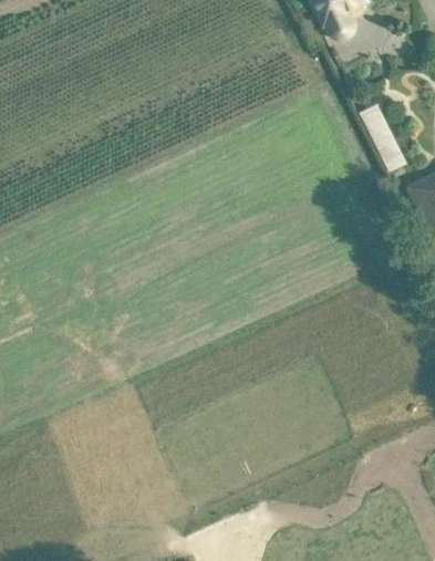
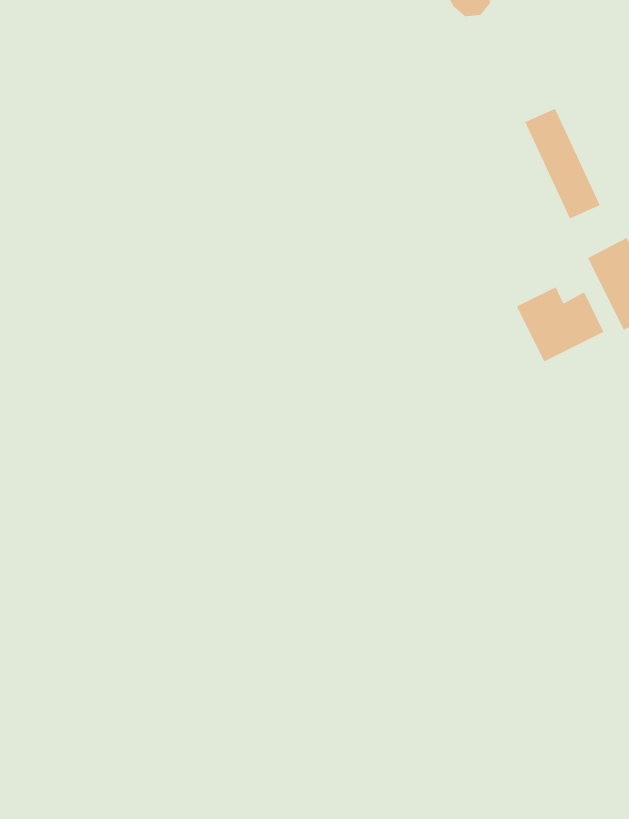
building: none -> [516,286,604,363]

